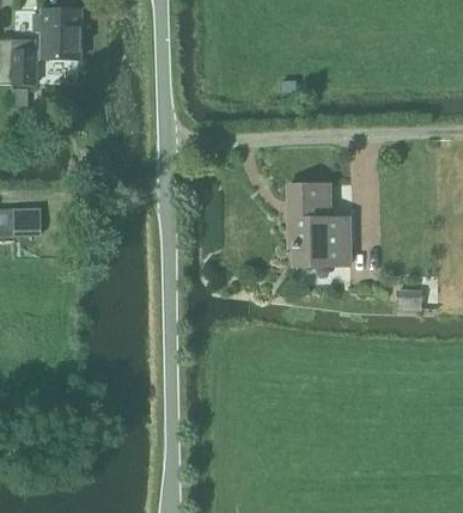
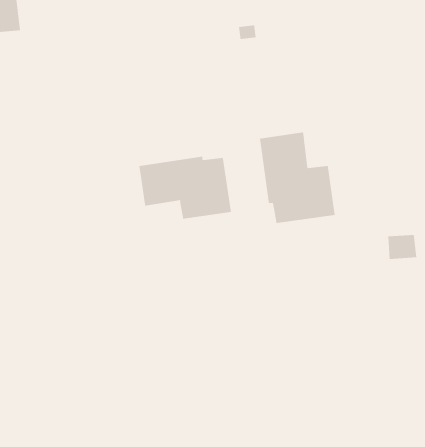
building: none -> [139,156,231,219]

